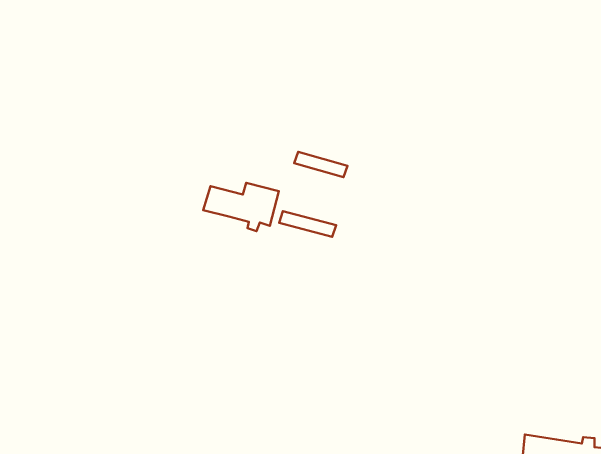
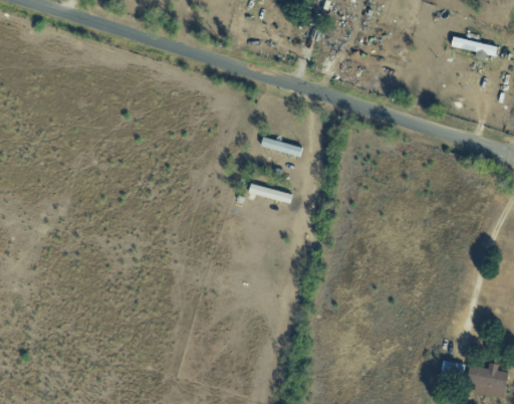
building: none -> [451,36,498,59]
building: [203,183,279,231] -> none

